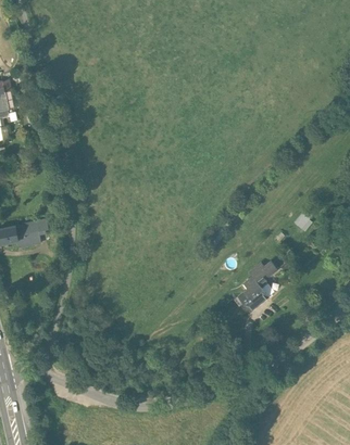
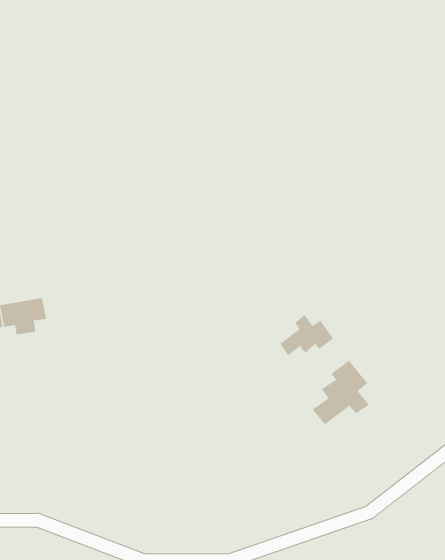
building: none -> [279,314,334,356]

